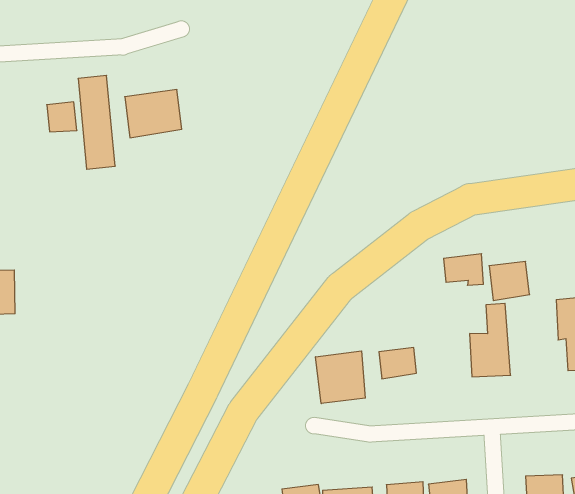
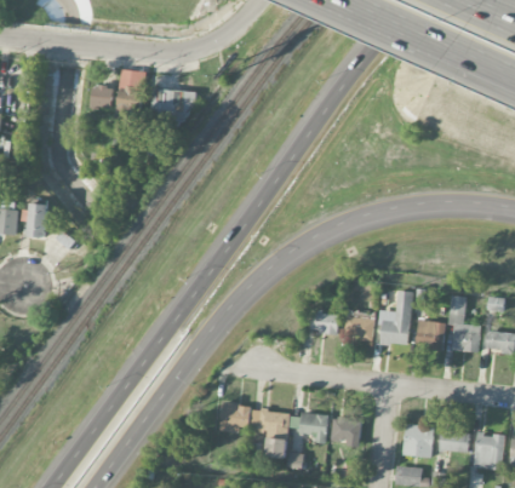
building: [444,254,483,285] -> [344,317,374,341]
building: [489,261,530,301] -> [416,321,445,348]
building: [316,351,365,404] -> none

